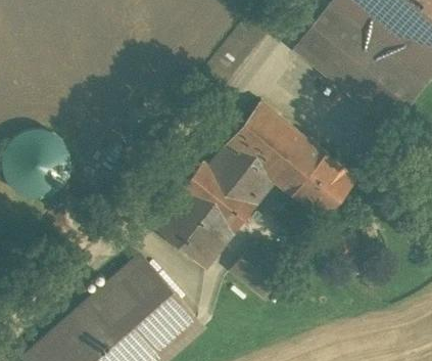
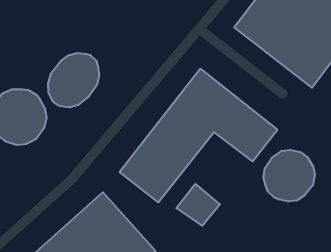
building: none -> [48,53,99,107]
building: none -> [263,150,315,202]

